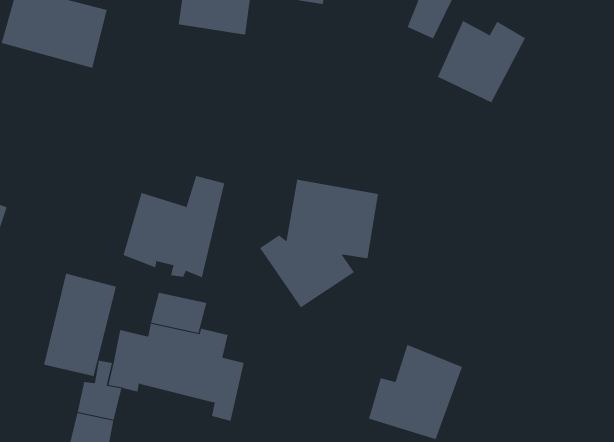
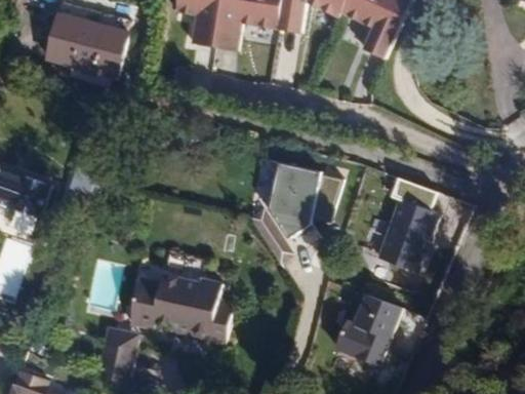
building: [437,20,526,103] -> none
building: [123,175,225,278] -> none
building: none -> [375,198,439,271]
building: [44,273,116,377] -> none

